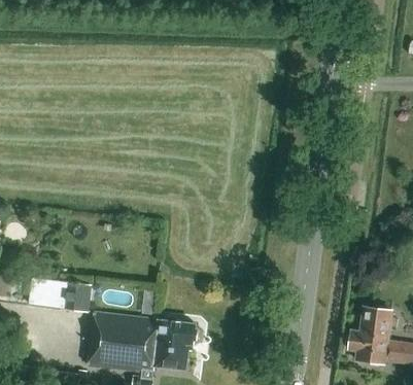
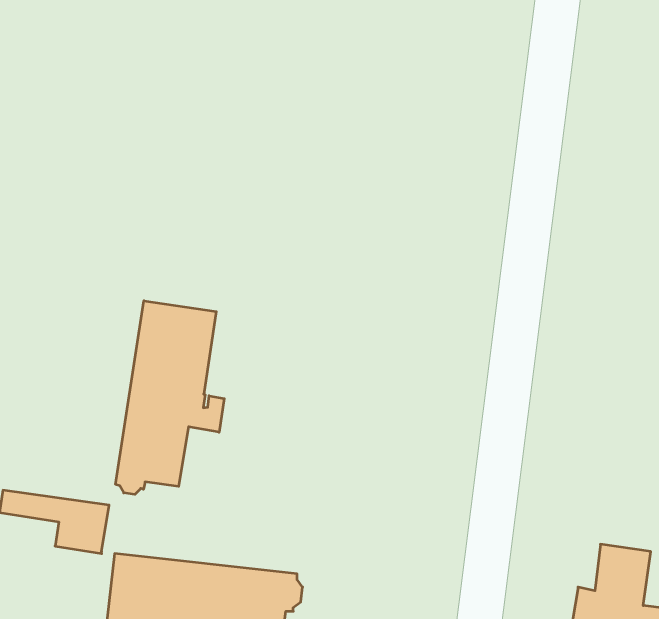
building: none -> [116,301,224,494]

